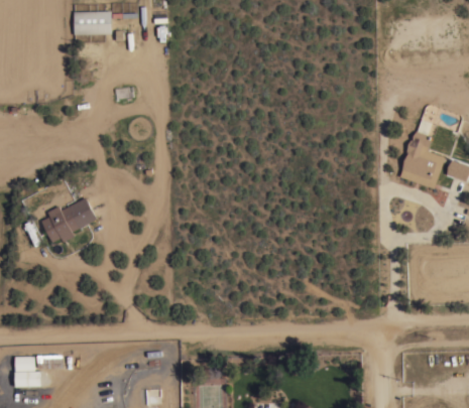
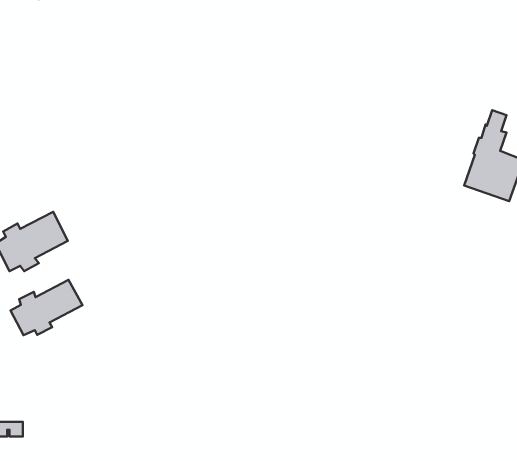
building: none -> [10,280,82,335]

